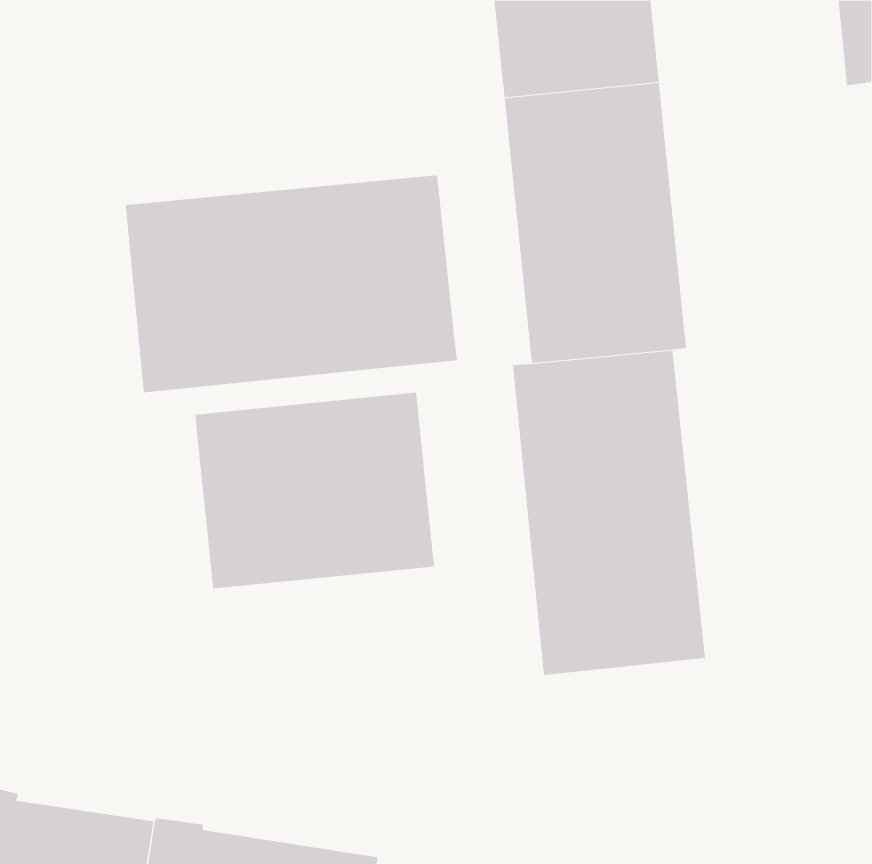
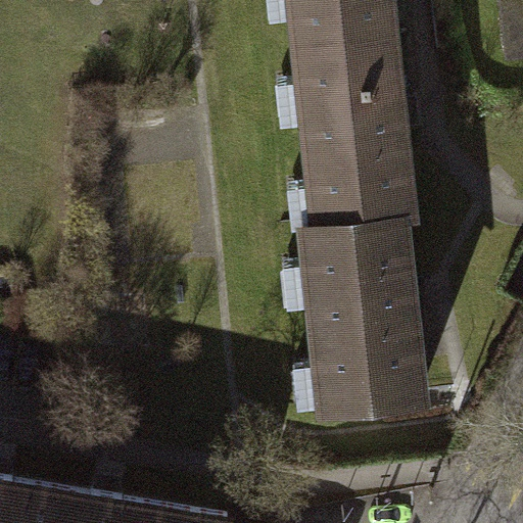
building: [125,174,457,393] -> none
building: [195,392,434,589] -> none

